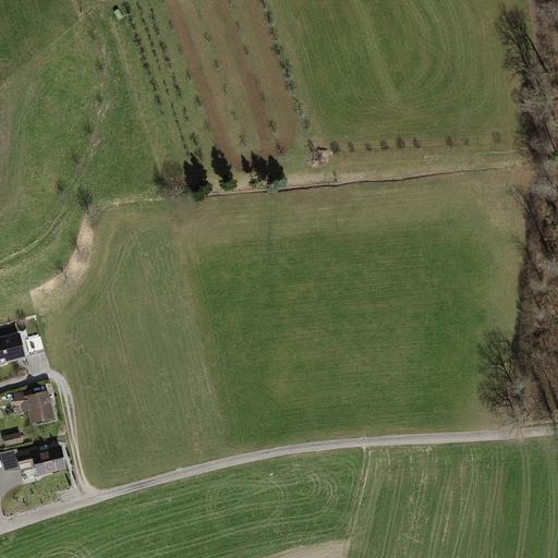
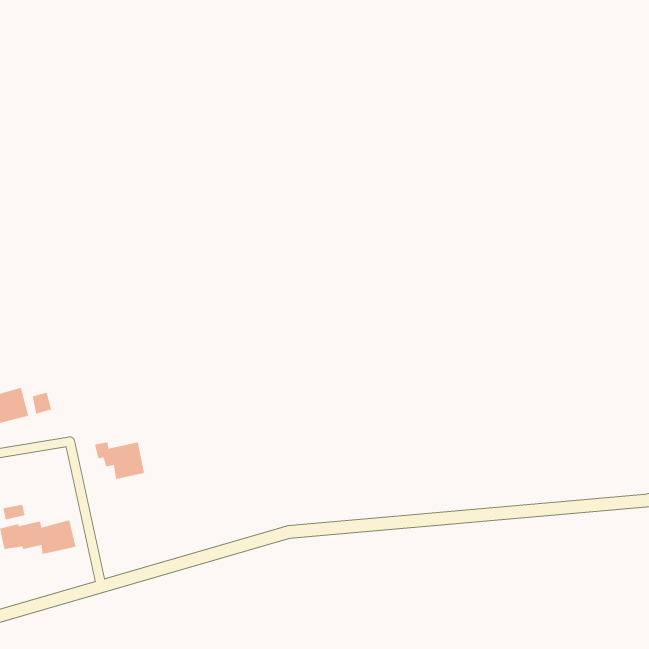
building: [11,391,54,424] -> [94,442,145,480]

